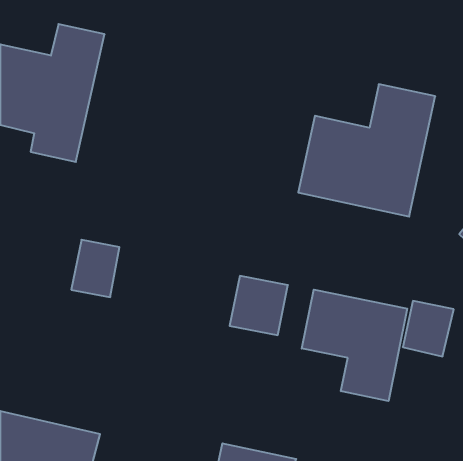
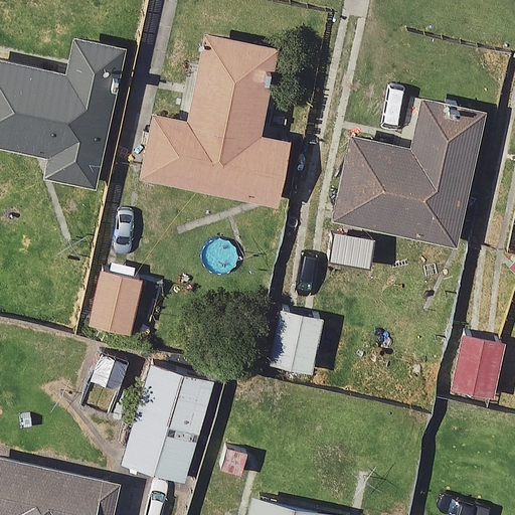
building: none -> [139,34,288,205]
building: [302,290,407,401] -> none
building: none -> [123,364,215,485]

